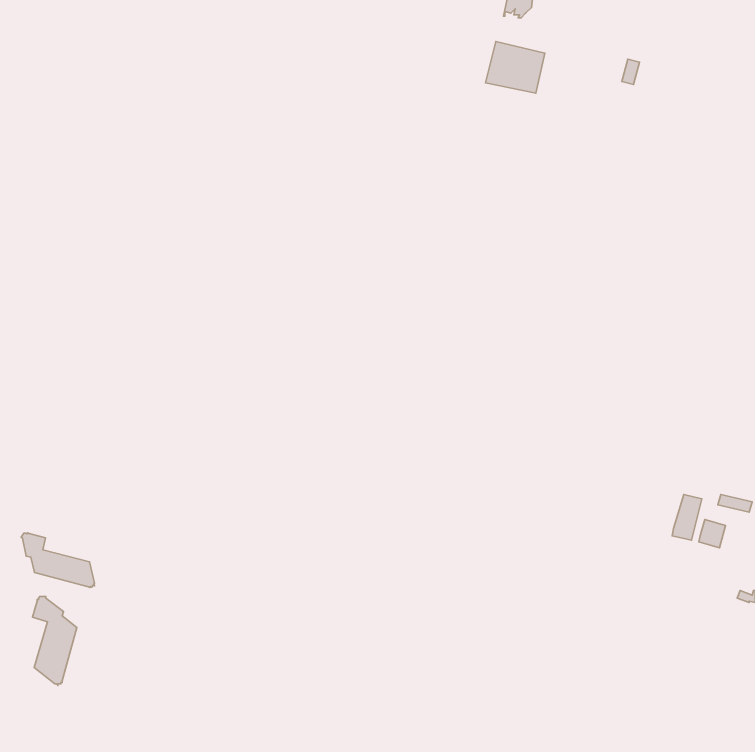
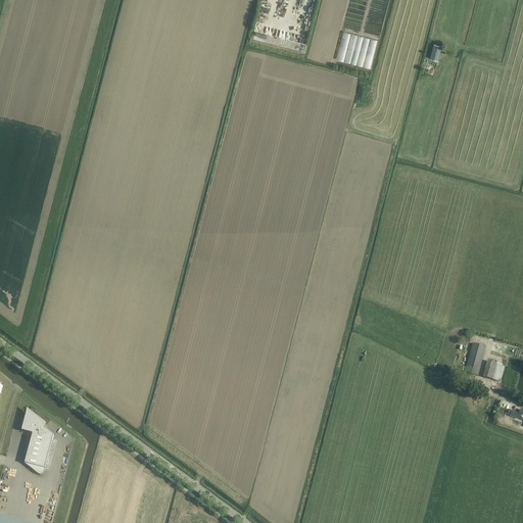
building: [21,533,95,587] -> none

